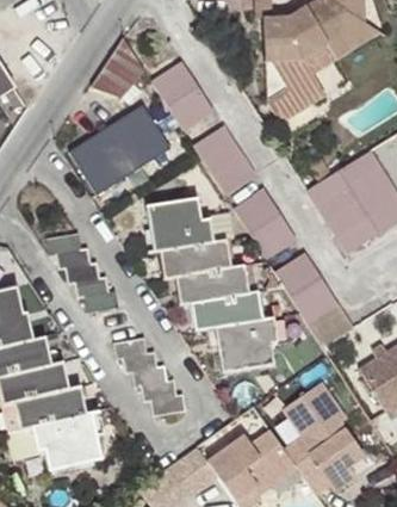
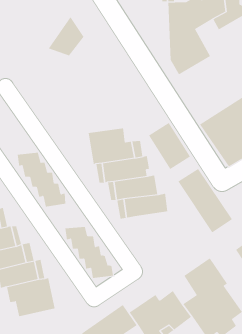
building: [151,60,213,129] -> none
building: [70,105,169,193] -> none
building: [192,125,255,193] -> none
building: [215,316,278,371] -> none

